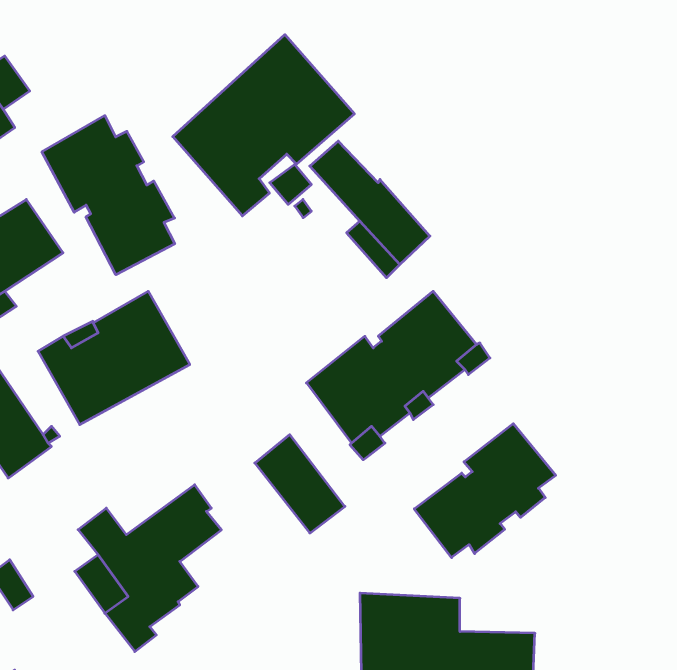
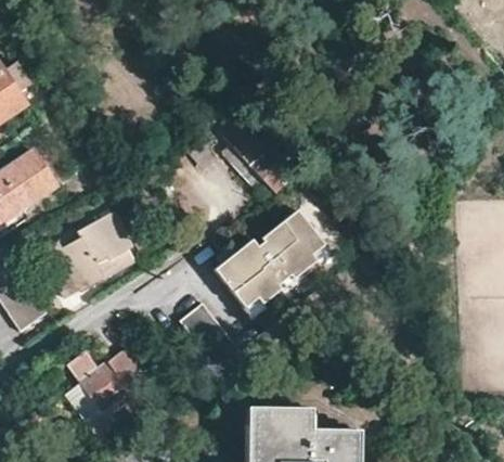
building: [173,35,354,216] -> none
building: [42,116,175,275] -> none
building: [414,424,556,558] -> none

